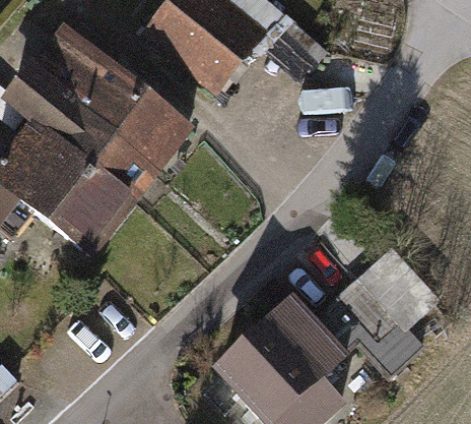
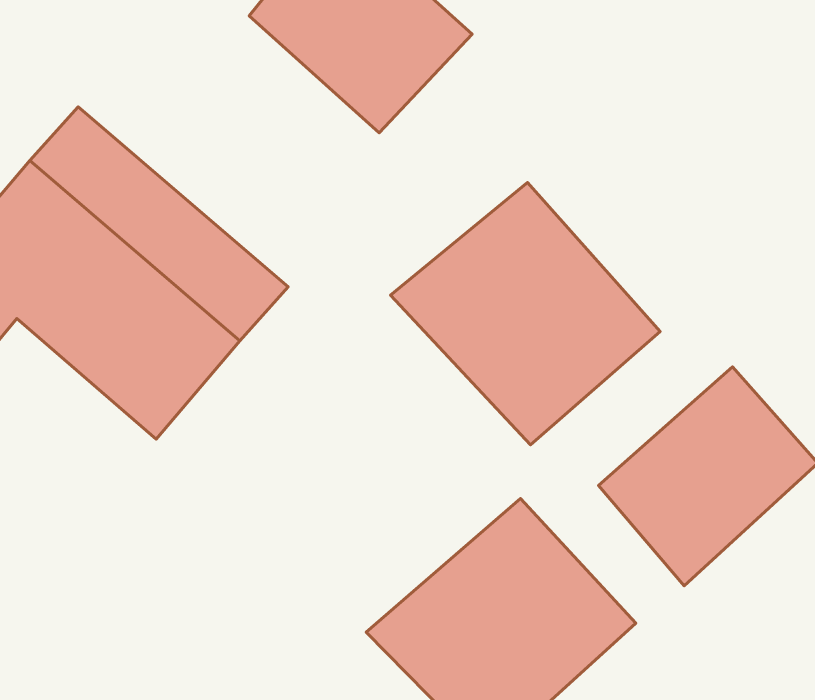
building: [51,37,201,177] -> none
building: none -> [391,182,660,445]

